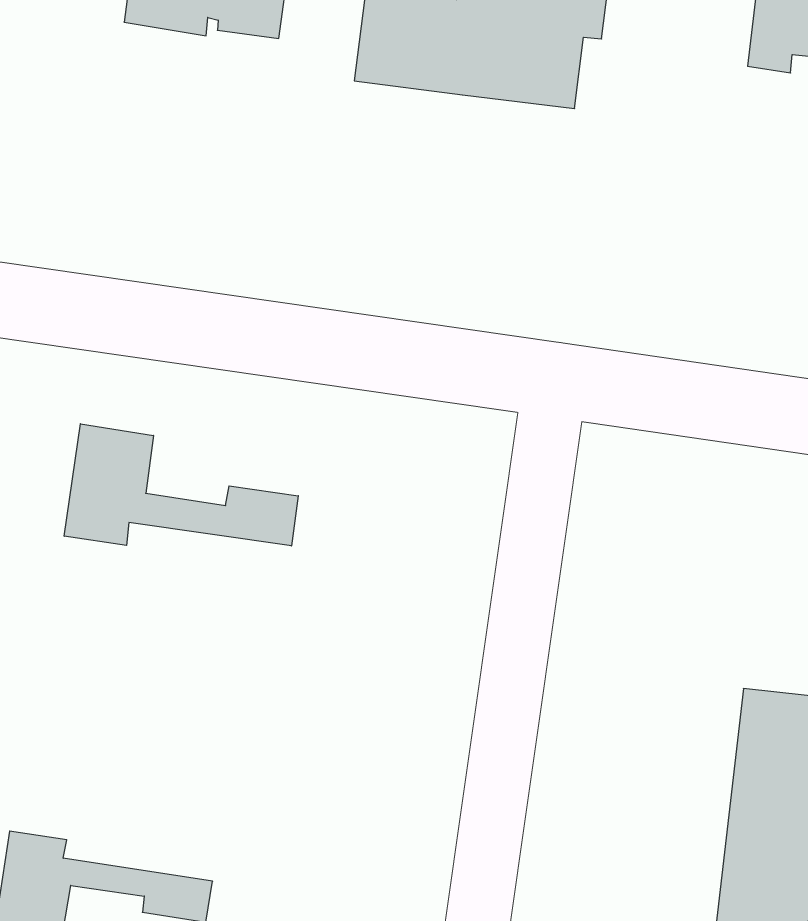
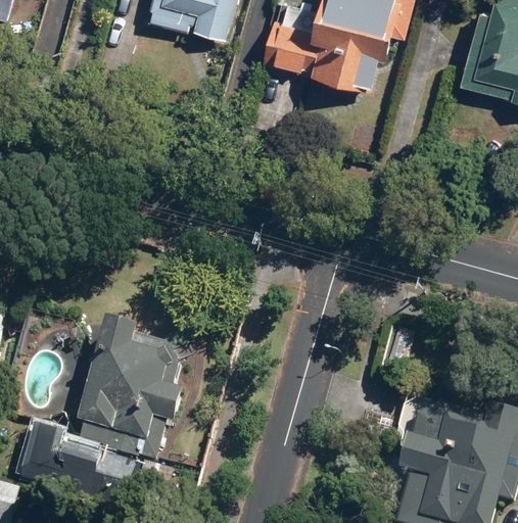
building: [64,424,298,546] -> none
building: none -> [80,316,184,459]

